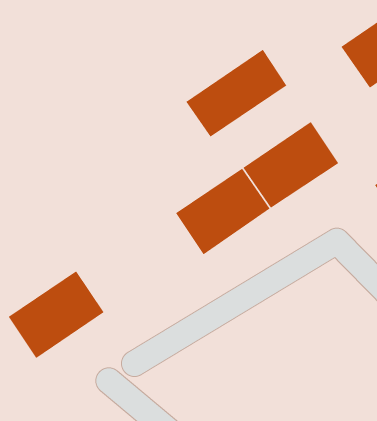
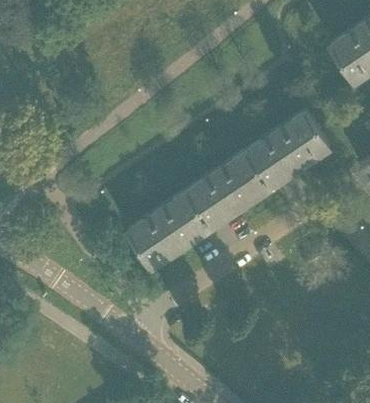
building: [185,49,287,138] -> none
building: [8,270,104,359] -> [125,191,209,268]

